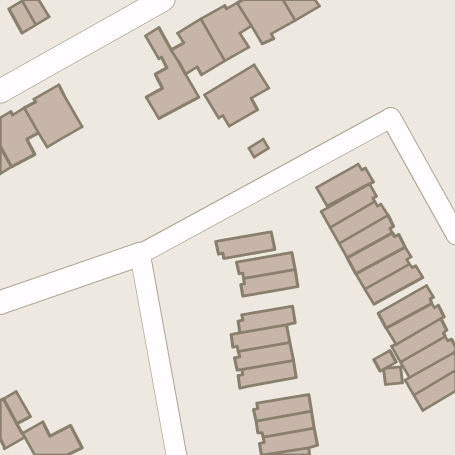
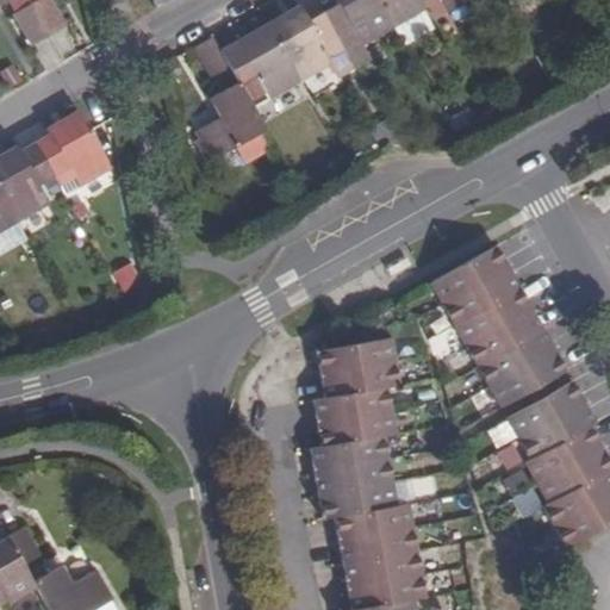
building: [204,65,269,126] -> none
building: [317,164,373,206] -> none
building: [216,232,275,258] -> [313,385,392,421]
building: none -> [334,503,413,539]

